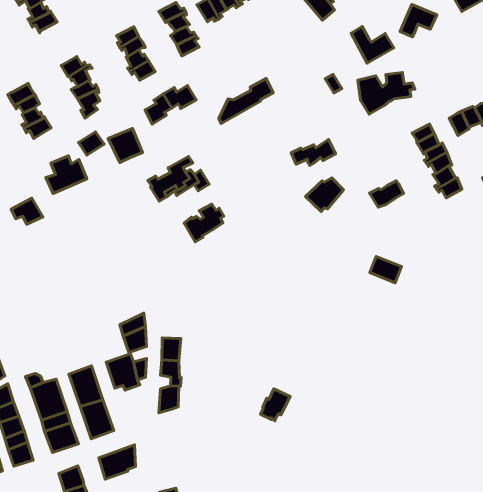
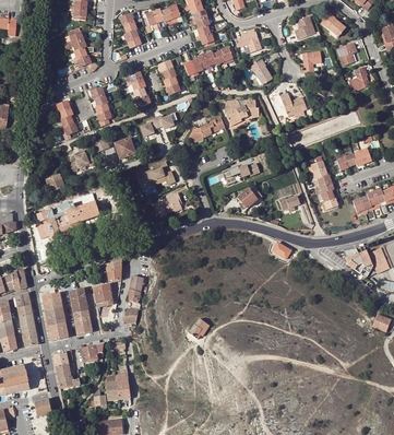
building: [358,72,415,114] -> [225,99,261,124]
building: none -> [36,201,98,239]

